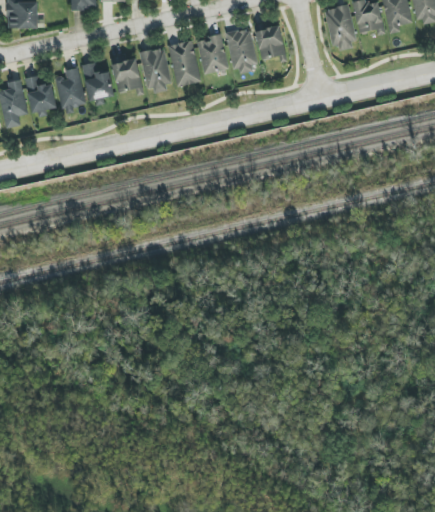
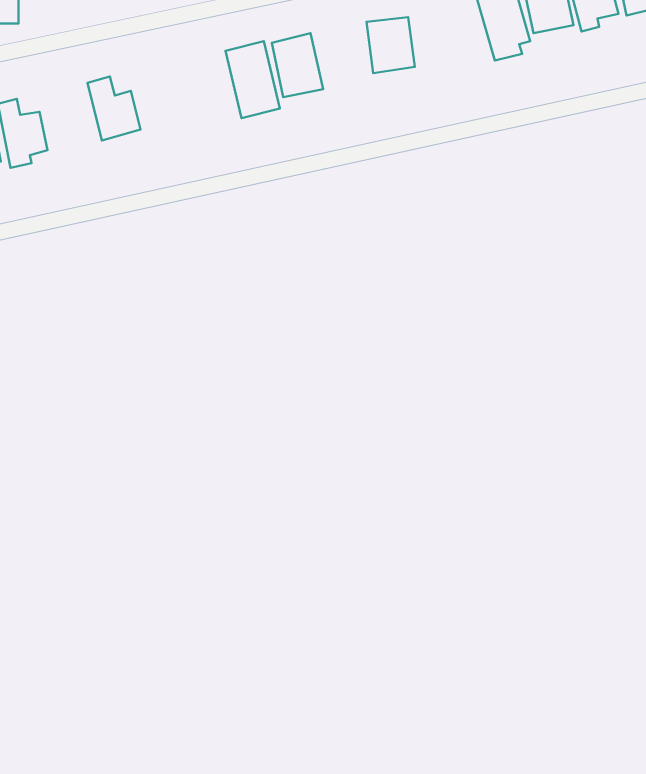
building: [225,28,257,73] -> none
building: [140,47,171,94] -> none
building: [111,57,142,92] -> none
building: [55,67,86,114] -> none

